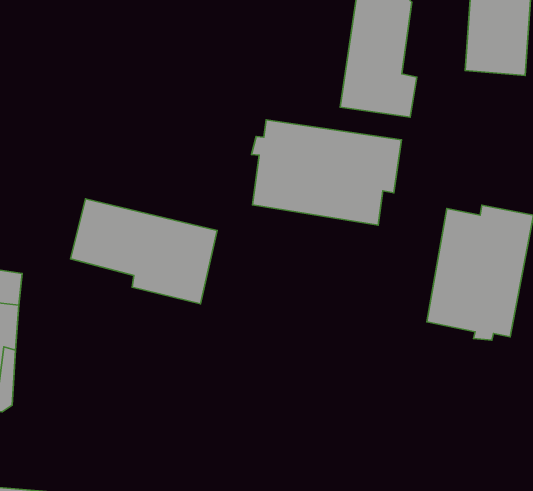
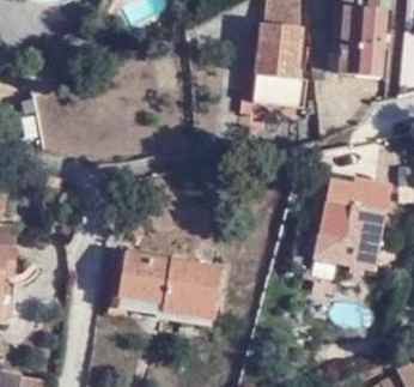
building: [252,120,402,225] -> none
building: [71,199,217,304] -> [122,255,227,331]

